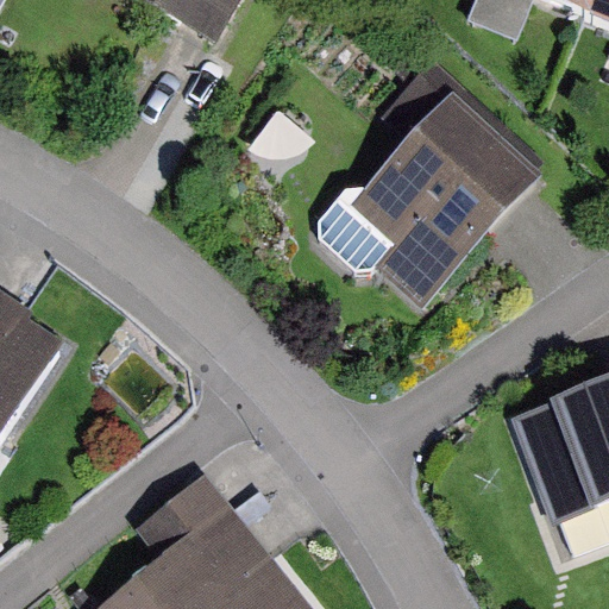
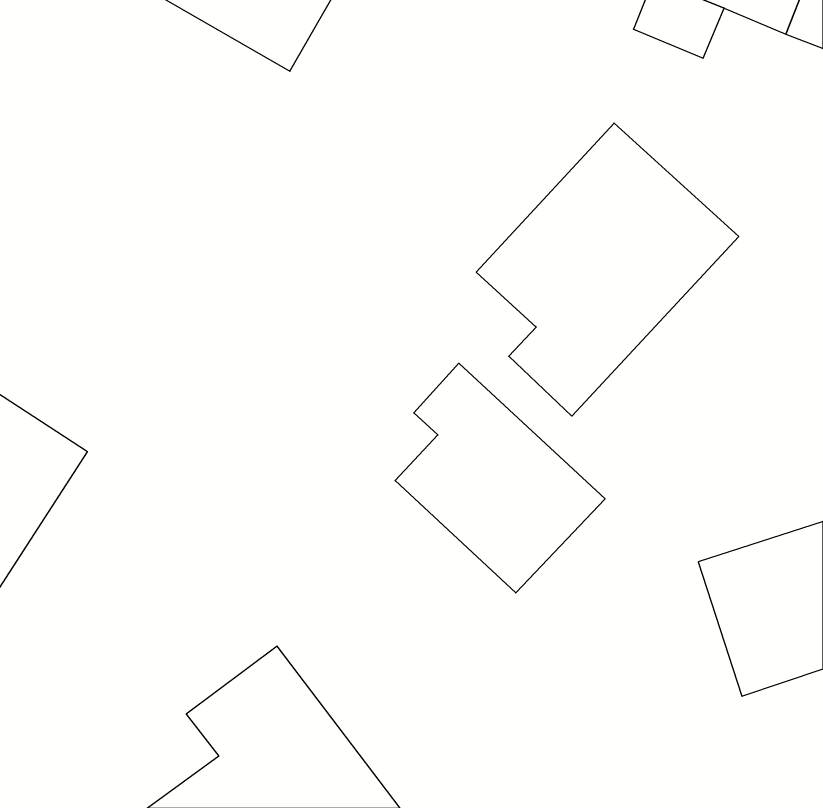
building: none -> [395,363,605,593]

